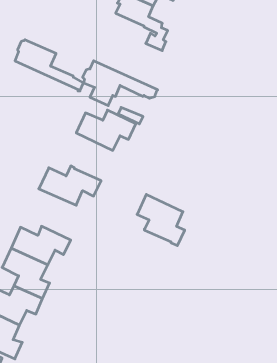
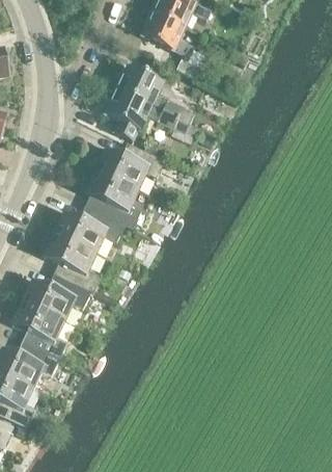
building: [15,40,84,91] -> [116,64,194,123]
building: none -> [44,234,101,292]
building: [137,194,185,246] -> [86,171,140,229]

